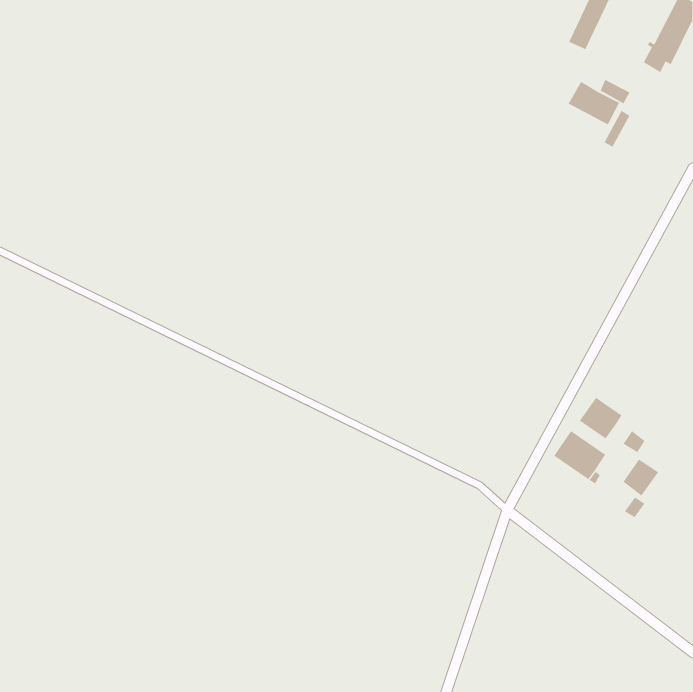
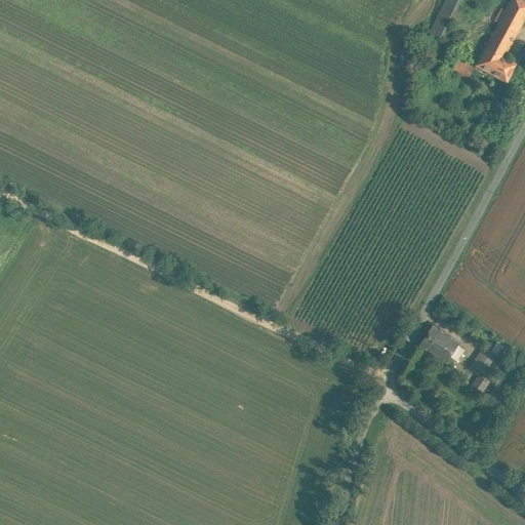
building: [567,81,620,126] -> [476,47,516,81]
building: [579,397,623,440] -> none

